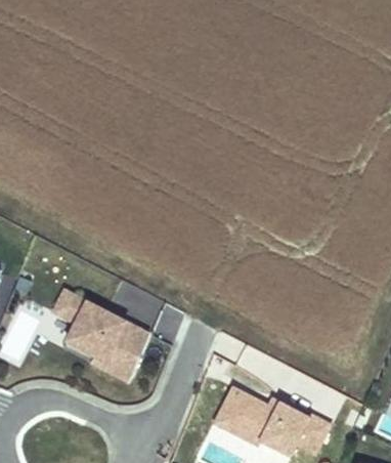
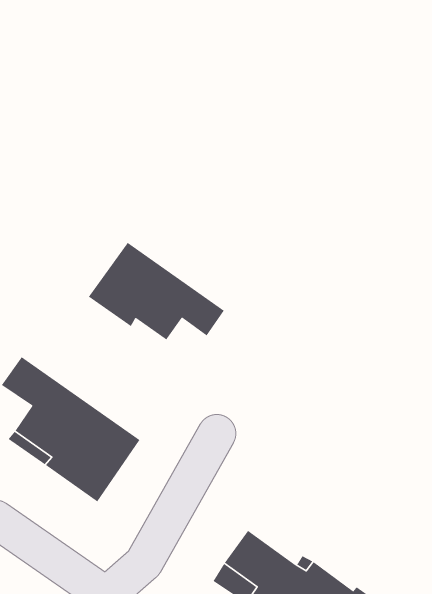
building: none -> [88,242,225,340]

